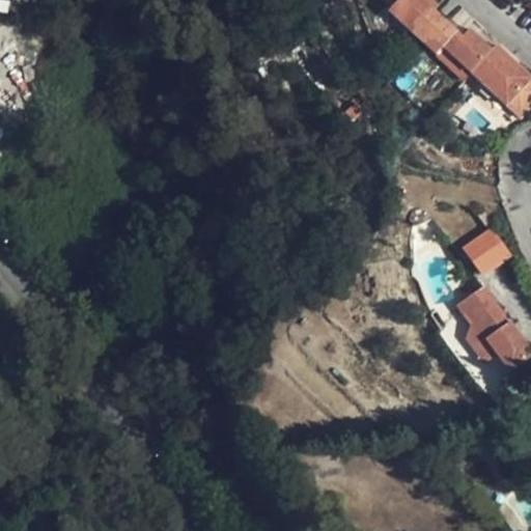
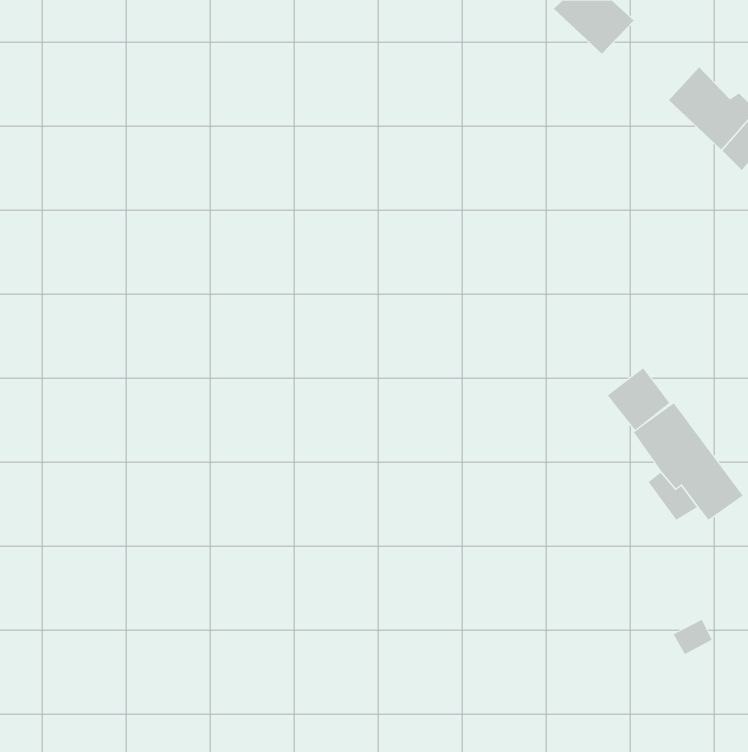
building: [427,16,496,72] -> none
building: [465,233,509,278] -> [607,367,670,431]

